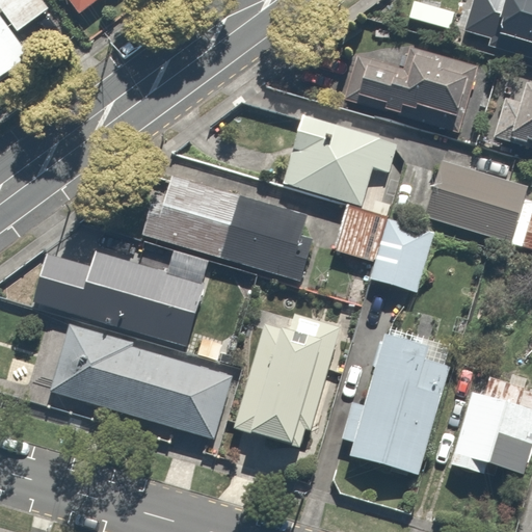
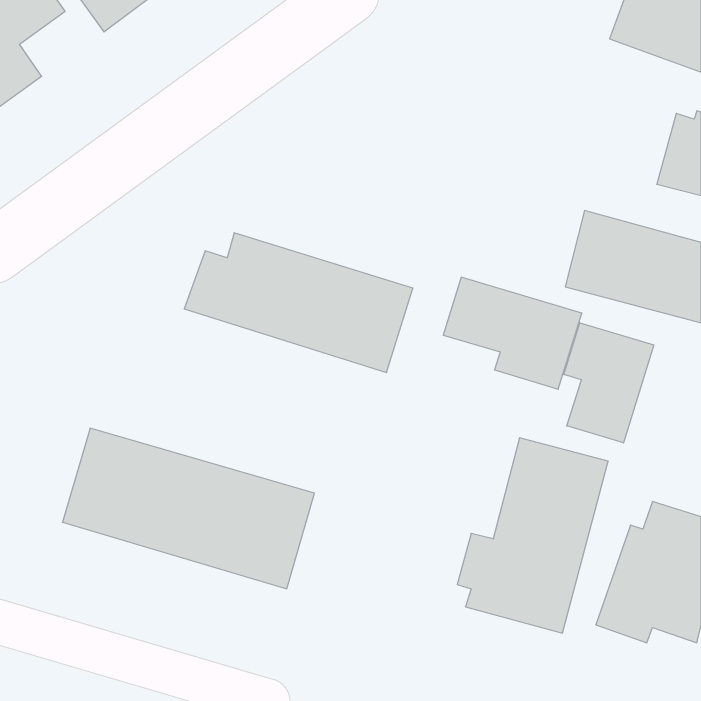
building: [344,41,484,135] -> none
building: [280,110,396,209] -> none
building: none -> [564,323,654,443]
building: [30,250,210,348] -> none
building: [235,319,334,469] -> none

